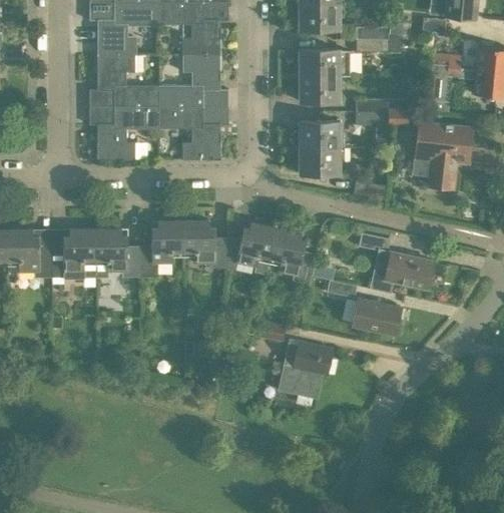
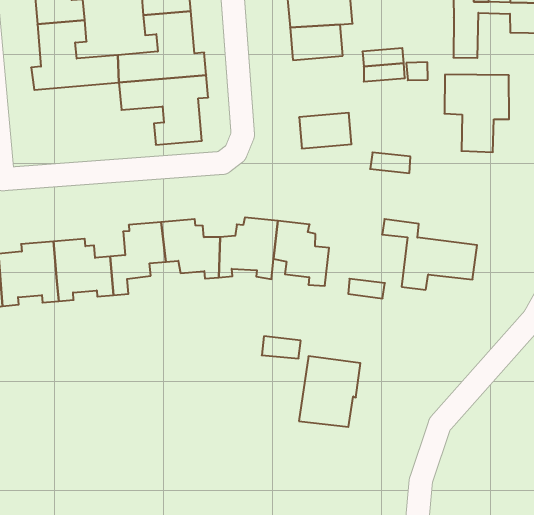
building: [90,106,158,158] -> none
building: [300,120,340,146] -> none
building: [352,299,401,334] -> none

